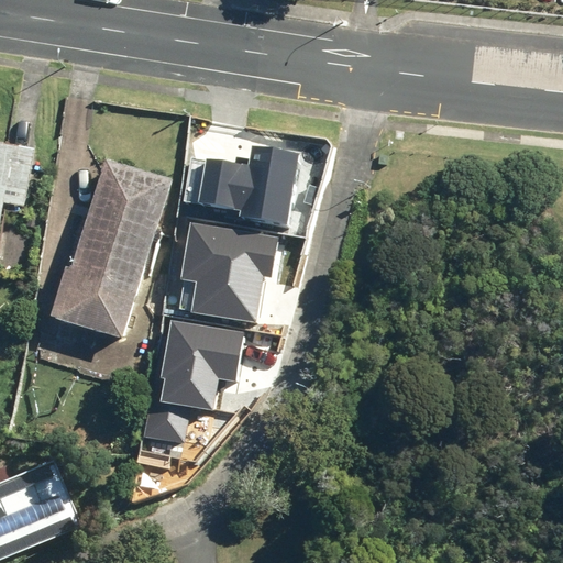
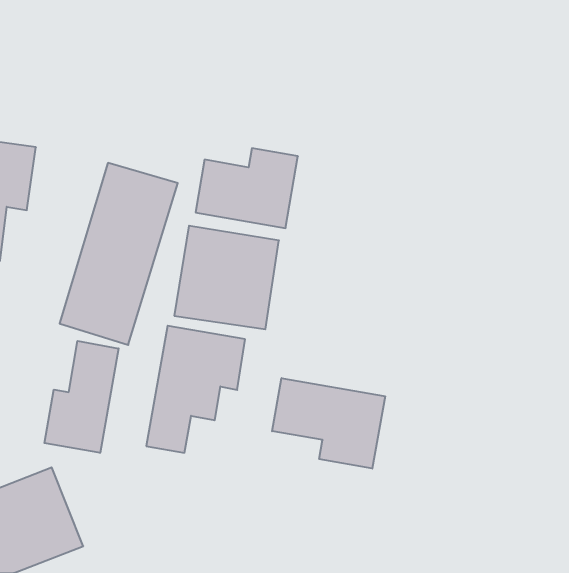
building: none -> [44,341,119,453]
building: none -> [272,378,385,469]

